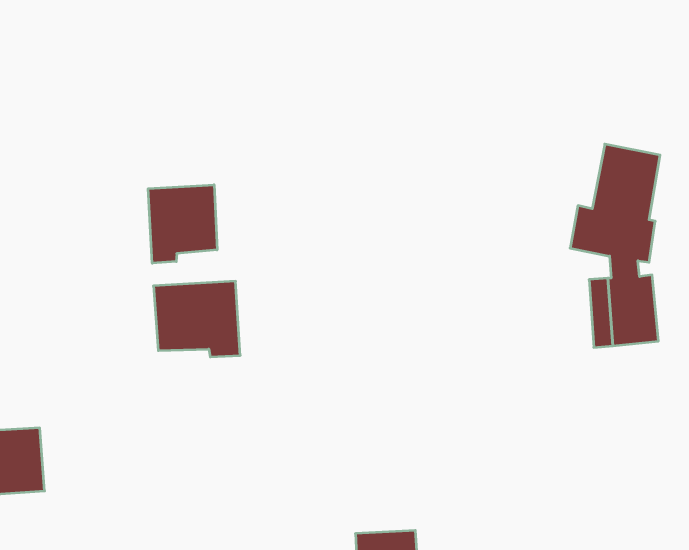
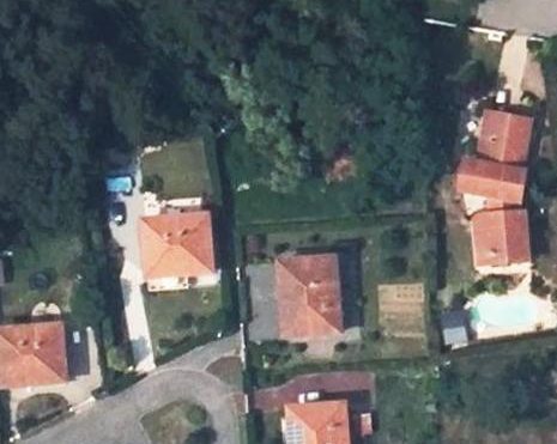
building: [148,185,217,263] -> none
building: none -> [281,259,338,333]

